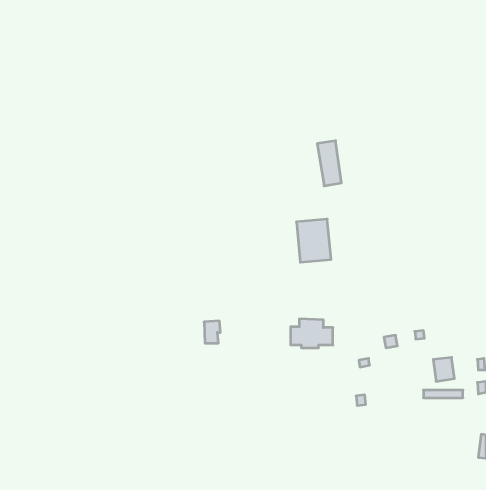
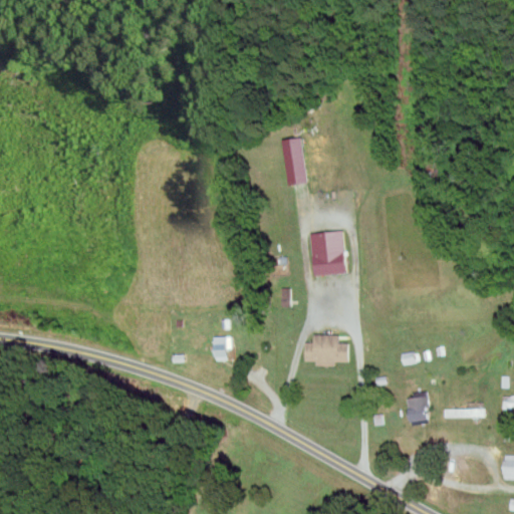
building: [317,141,341,186] -> [282,138,307,185]
building: [433,357,454,381] -> [406,397,428,422]

